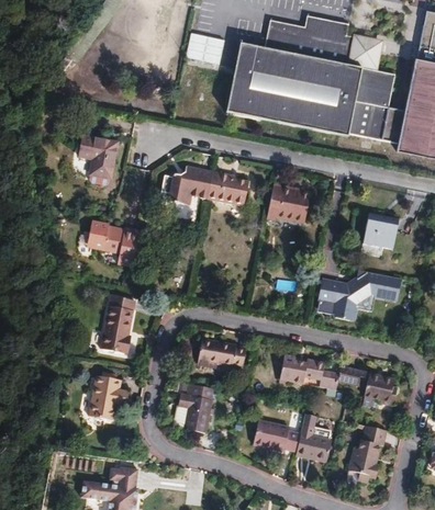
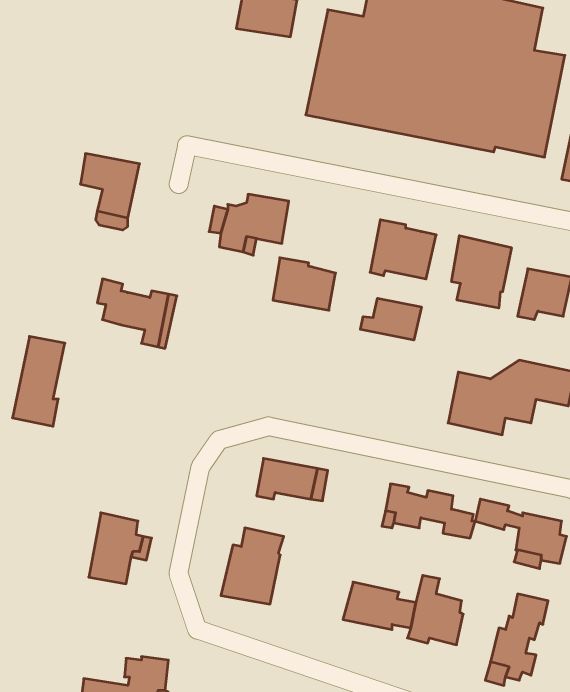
building: [213,170,254,204] -> [273,258,336,310]
building: none -> [452,236,511,308]
building: none -> [360,298,421,340]
building: [96,291,130,349] -> [12,336,65,426]

